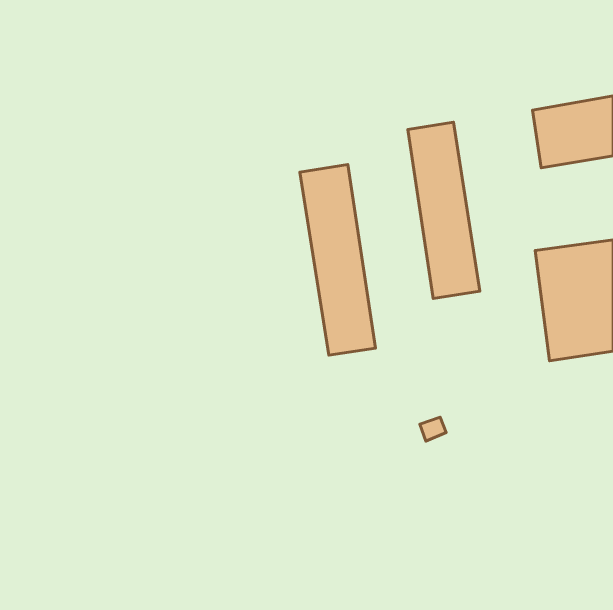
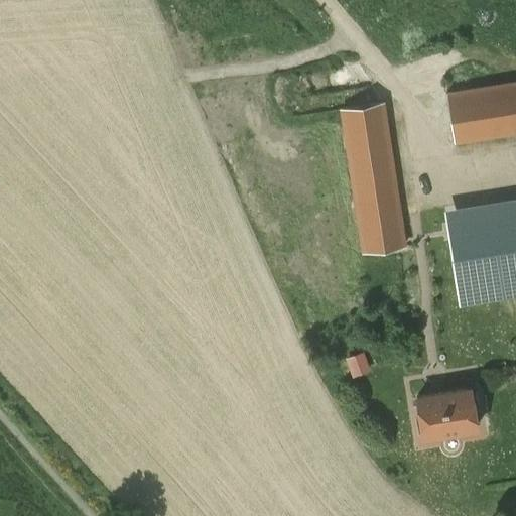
building: [300,165,376,355] -> none
building: none -> [416,389,475,437]

